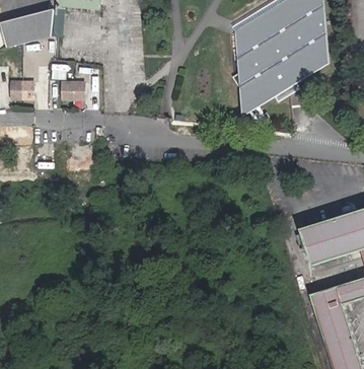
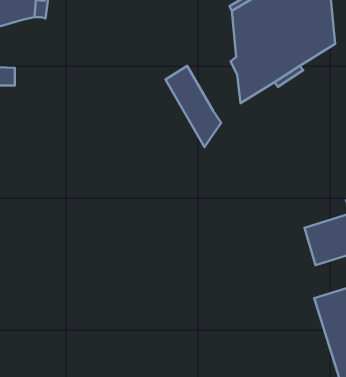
building: none -> [165,66,221,147]
building: [62,82,84,99] -> none

